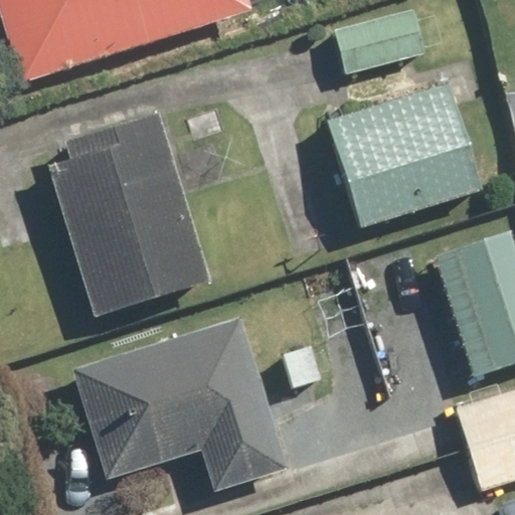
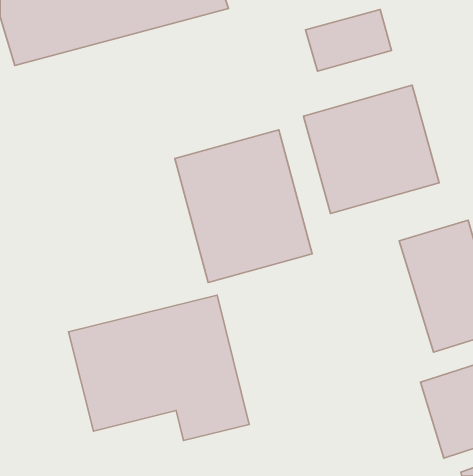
building: [47,125,210,302] -> none
building: none -> [175,130,312,283]

